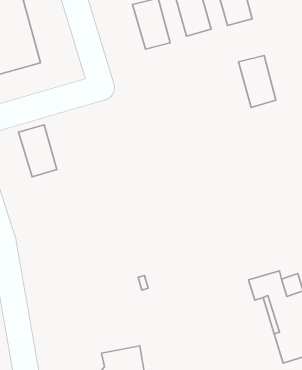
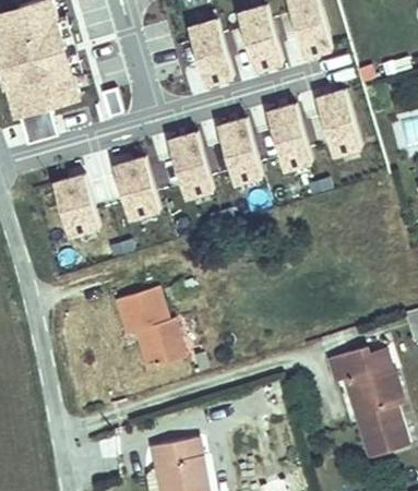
building: none -> [266,103,310,165]
building: none -> [217,118,262,180]
building: none -> [168,132,213,194]
building: none -> [114,155,159,217]
building: none -> [116,285,186,368]

